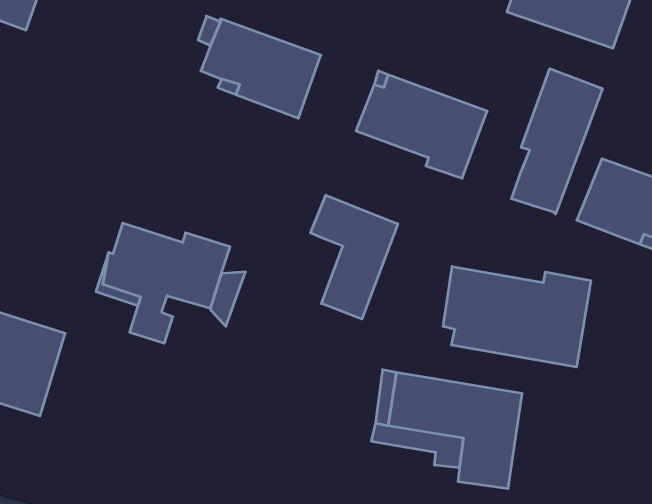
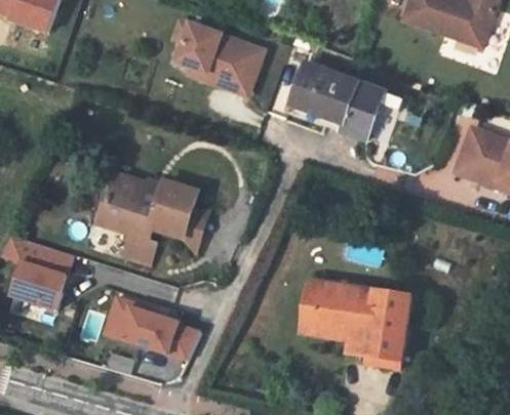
building: [511,69,602,214] -> none
building: [310,195,398,319] -> none
building: [443,266,591,367] -> none
building: none -> [104,293,200,361]

